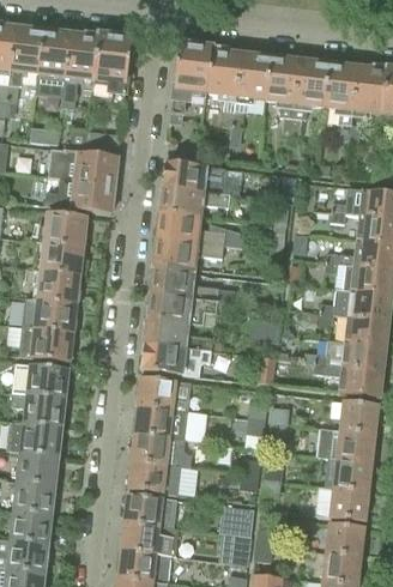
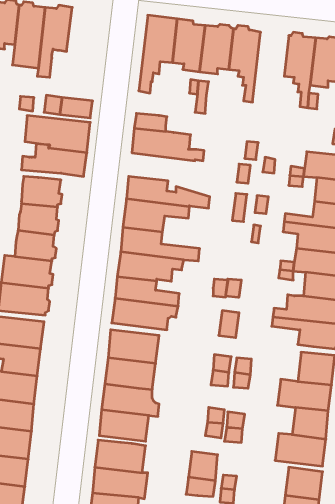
building: [92,34,131,107] -> none
building: [290,58,328,135] -> none
building: [158,188,229,218] -> none

